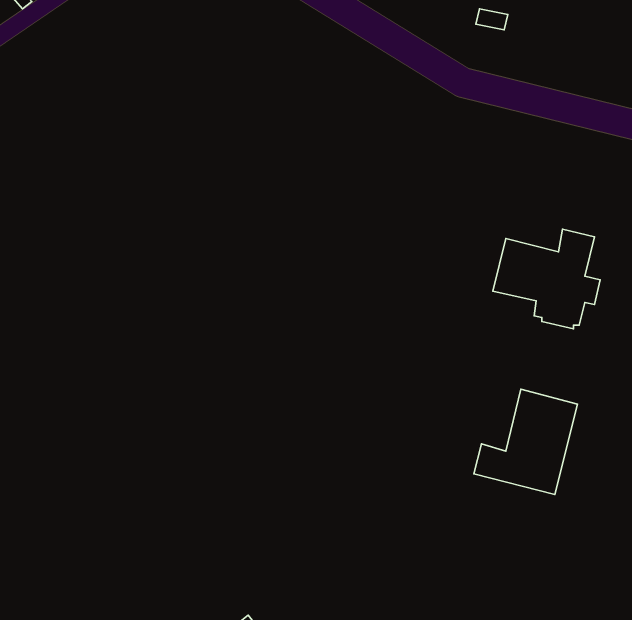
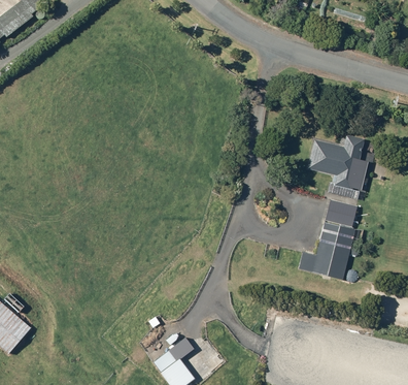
building: none -> [325,199,356,226]

